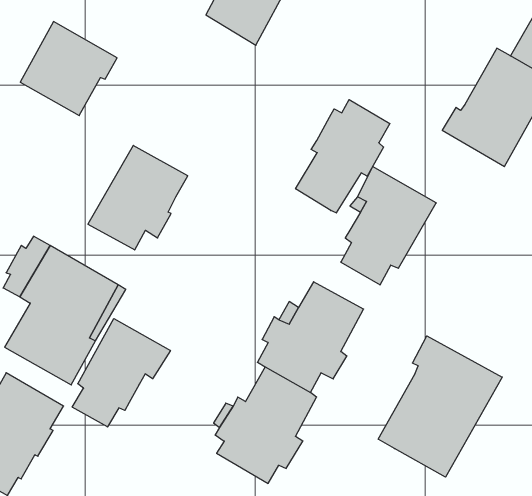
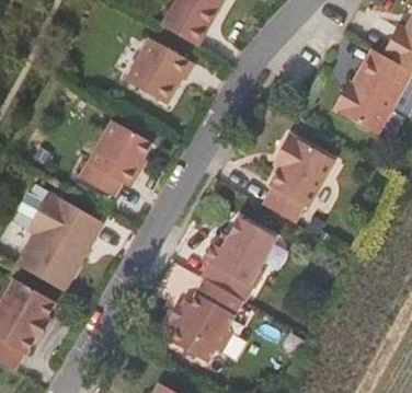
building: [20,22,117,116] -> [125,36,195,104]
building: [296,100,390,213] -> none
building: [72,319,170,427] -> none
building: [378,336,502,477] -> none

